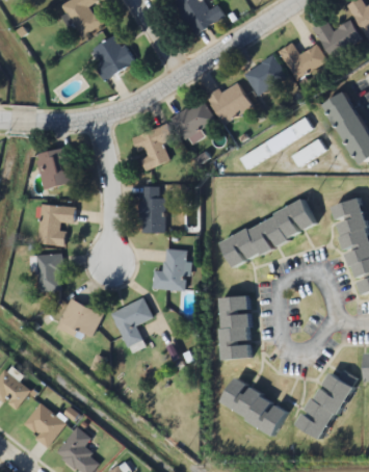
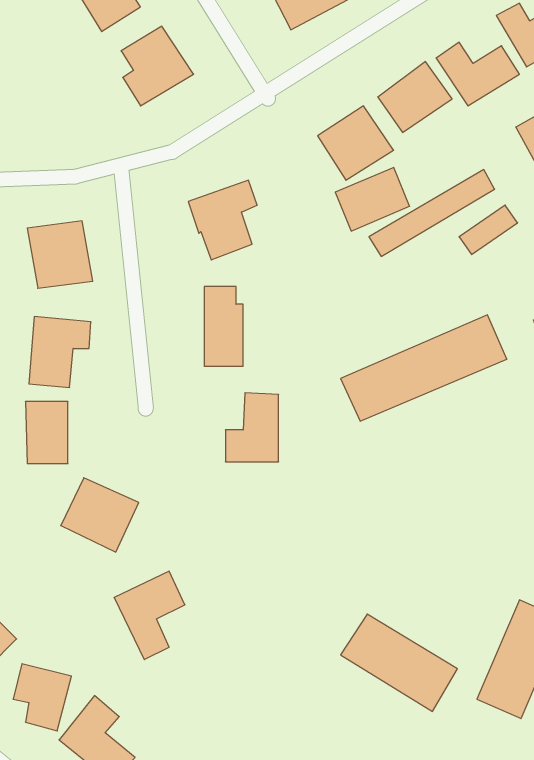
building: [169,101,213,138] -> [335,167,410,231]
building: [219,295,252,359] -> none
building: [110,297,152,349] -> [114,571,185,660]

